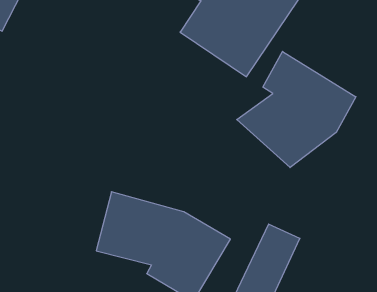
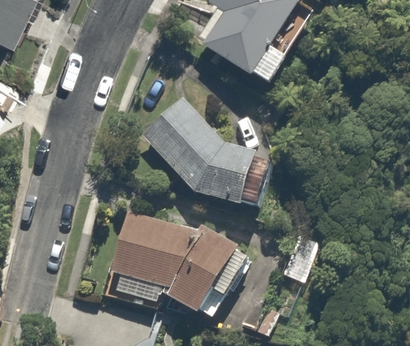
building: [237,51,356,168] -> none
building: none -> [141,102,265,214]

